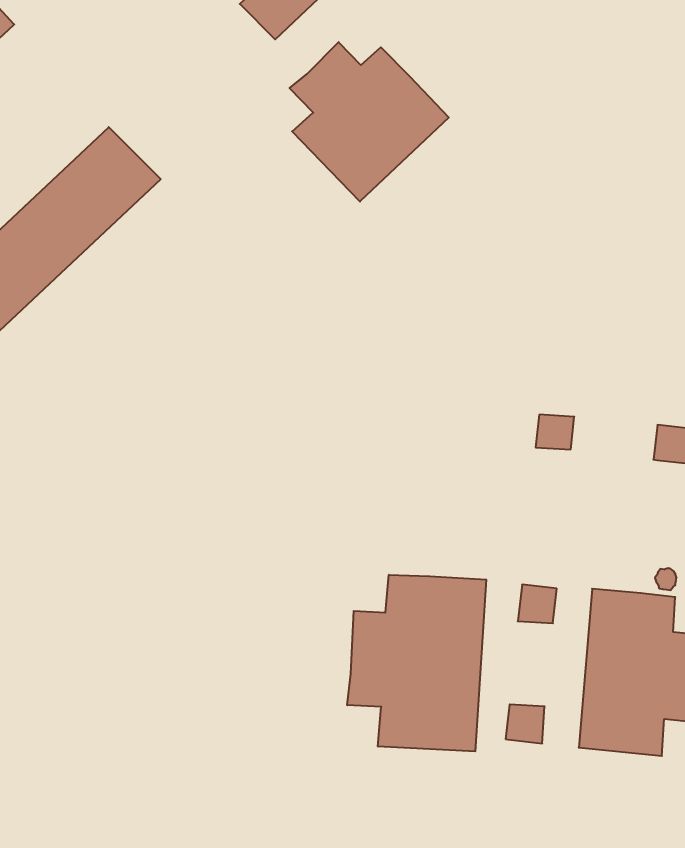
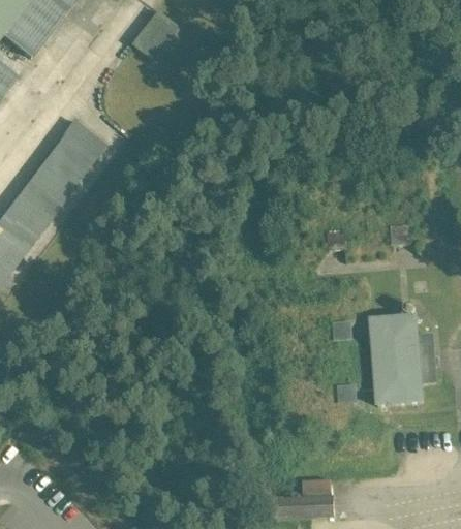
building: [290,42,449,202] -> none
building: [347,575,486,751] -> none

